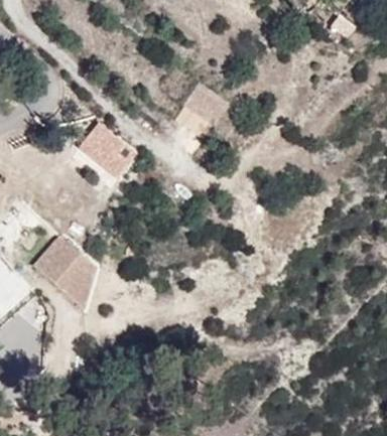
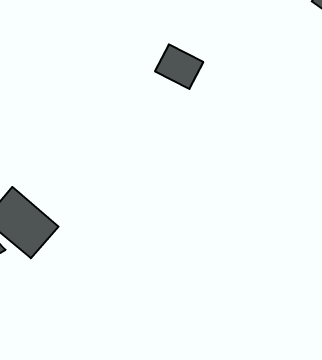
building: [77,120,137,178] -> none

